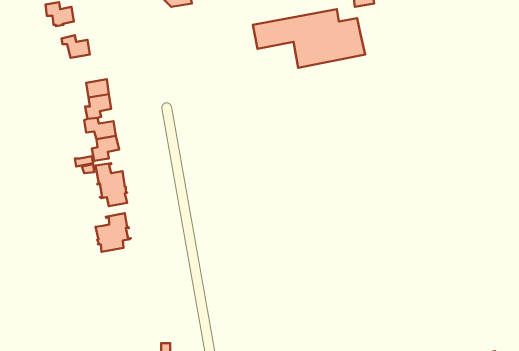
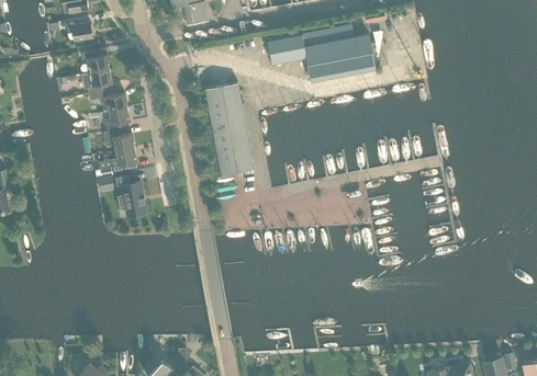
building: none -> [82,69,112,104]
building: none -> [205,82,254,175]
building: [95,213,131,252] -> none

